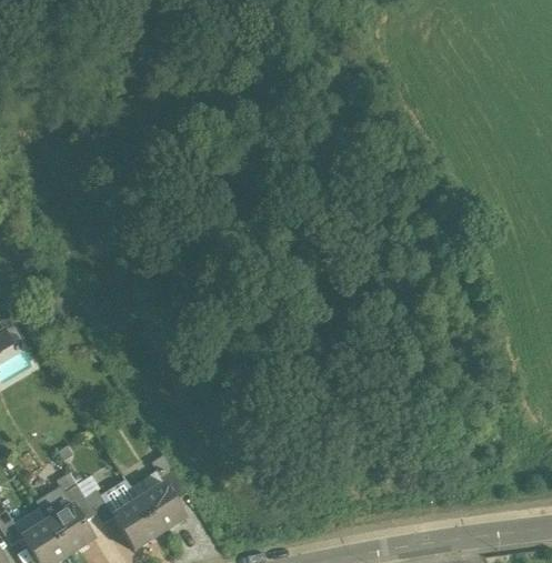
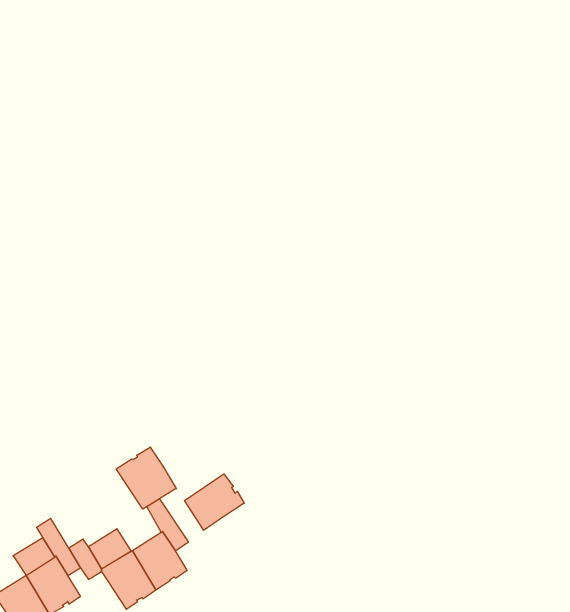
building: none -> [116,447,176,509]
building: none -> [185,474,244,530]

